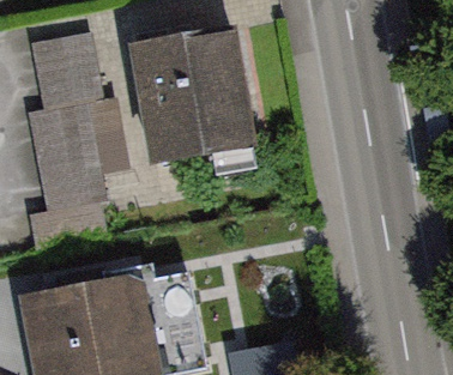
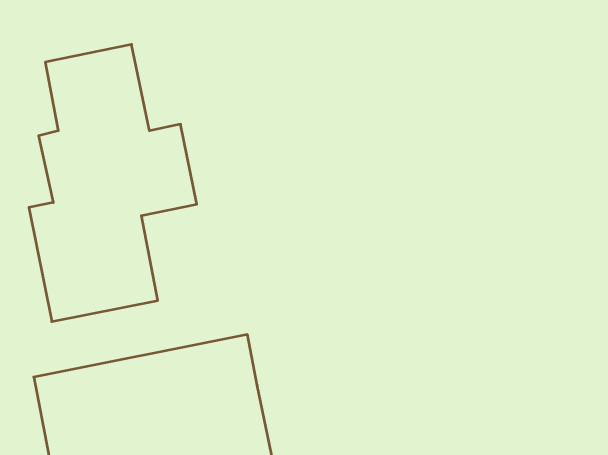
building: [140,36,258,165] -> none

